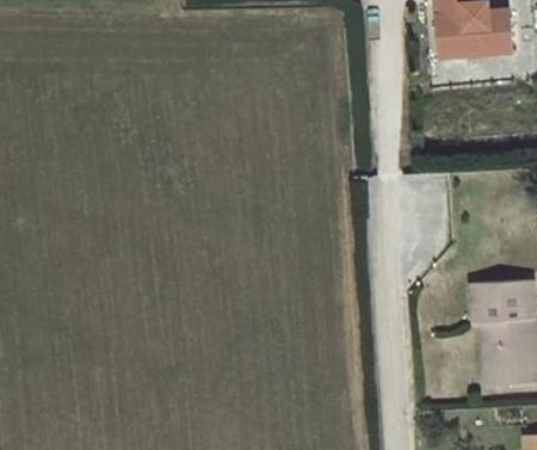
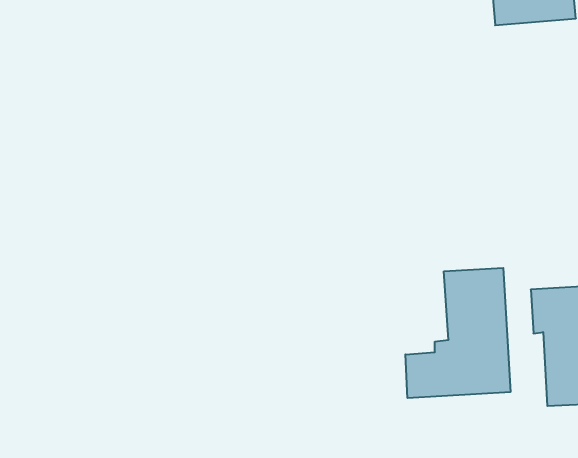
building: none -> [405,268,510,398]

